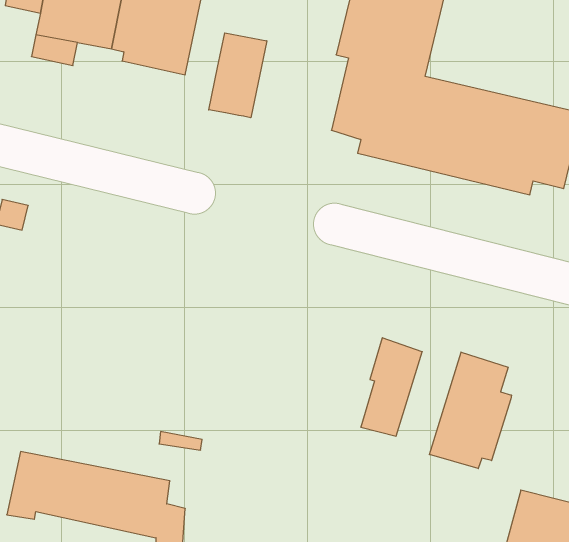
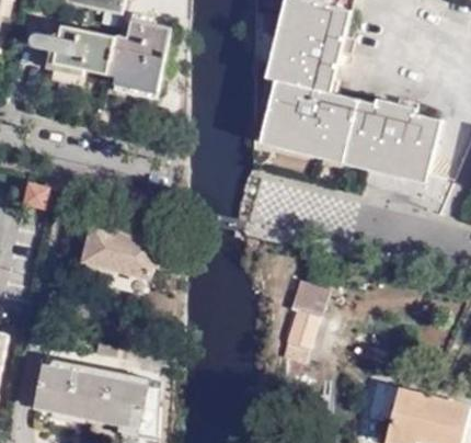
building: [209,33,267,118] -> none
building: none -> [81,224,154,277]
building: [429,352,511,469] -> none

